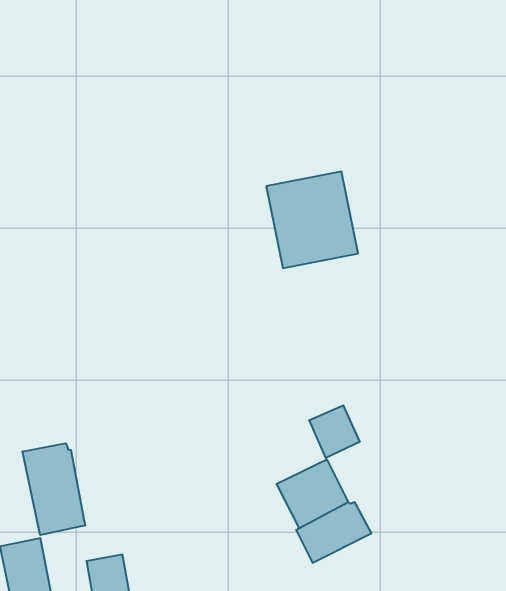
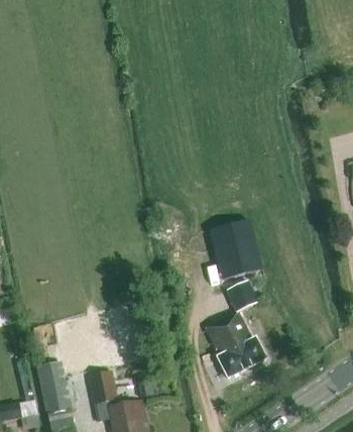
building: [266,172,358,268] -> [207,216,263,276]
building: [22,443,85,535] -> none

